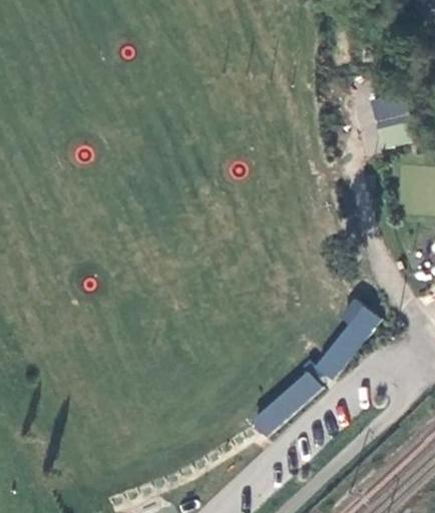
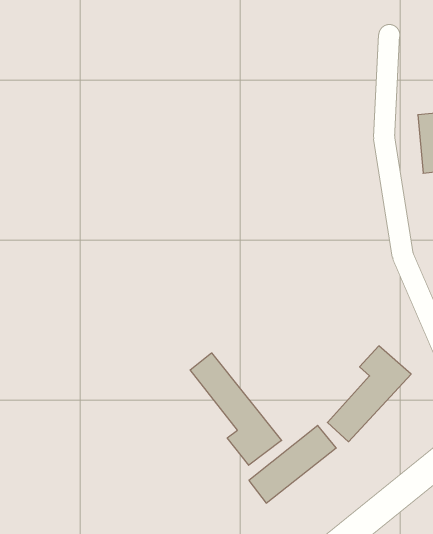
building: none -> [190,353,282,465]

